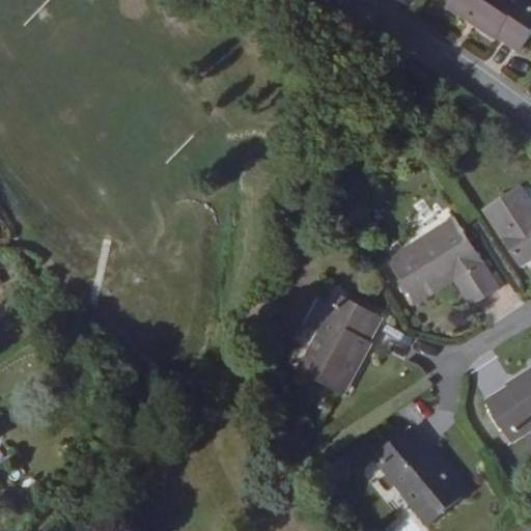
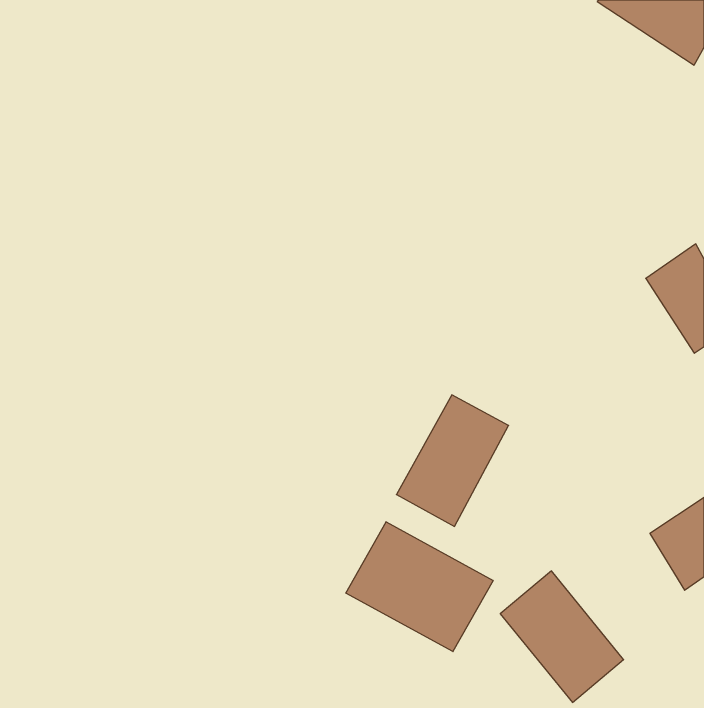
building: [386,218,498,305] -> none
building: none -> [346,522,493,652]

